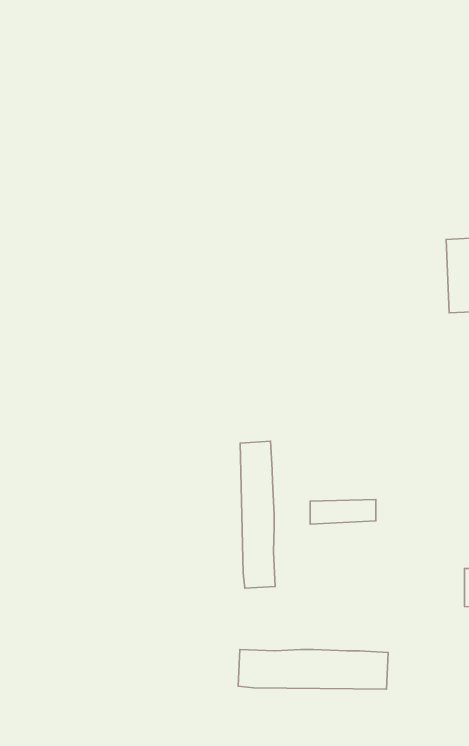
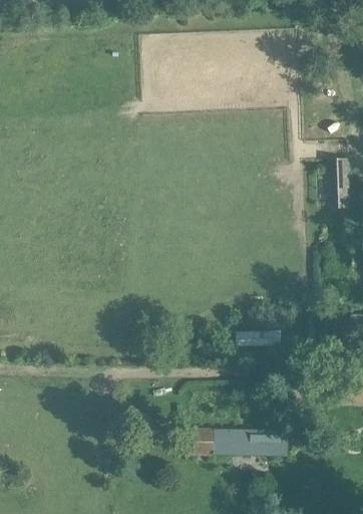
building: [240,441,275,588] -> none

